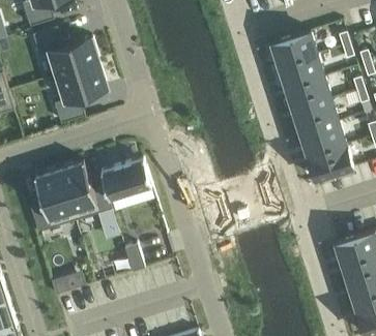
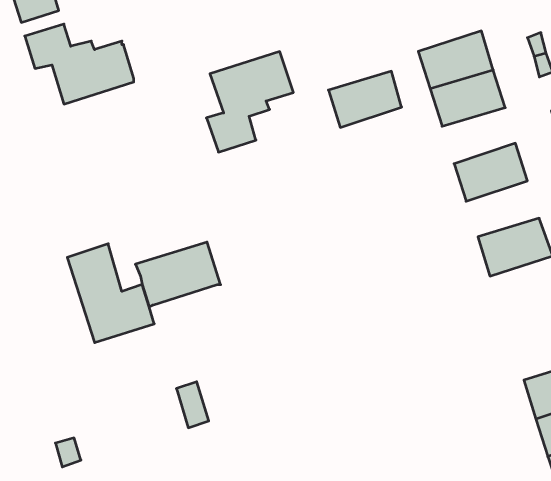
building: [54,62,107,123] -> [206,52,293,152]
building: [286,78,330,112] -> [328,71,402,127]
building: [300,122,345,156] -> none
building: [30,169,75,232] -> none

